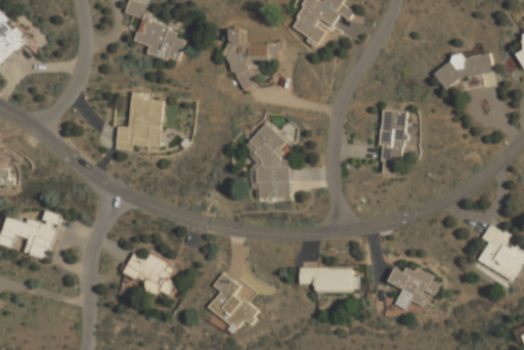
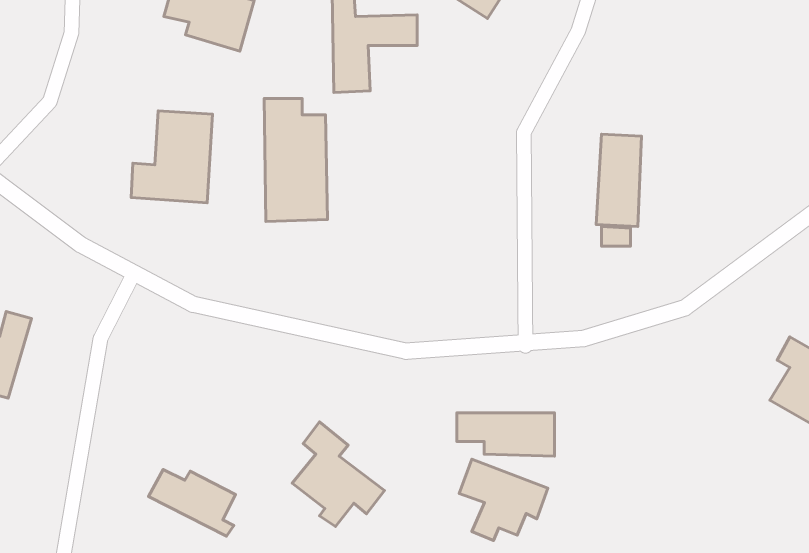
building: [435,53,492,82] -> none
building: [252,129,288,199] -> [264,98,327,221]
building: [125,252,174,290] -> [149,469,235,536]
building: [388,262,438,308] -> [459,459,548,540]

